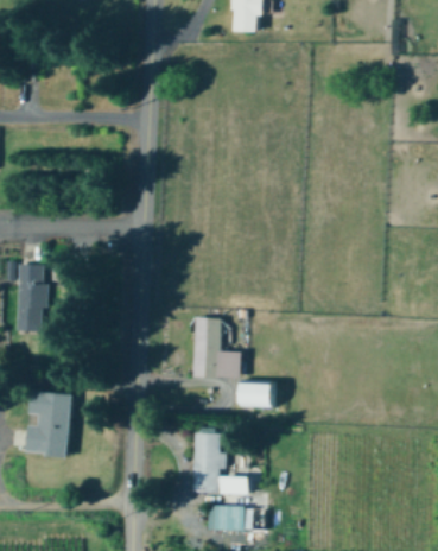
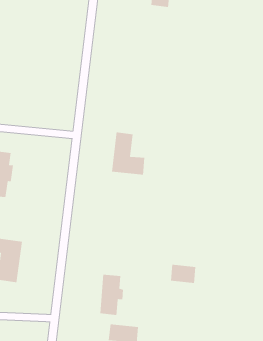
building: [193,317,242,378] -> [111,132,145,175]
building: [243,382,280,408] -> [170,264,196,284]
building: [221,476,253,494] -> none

